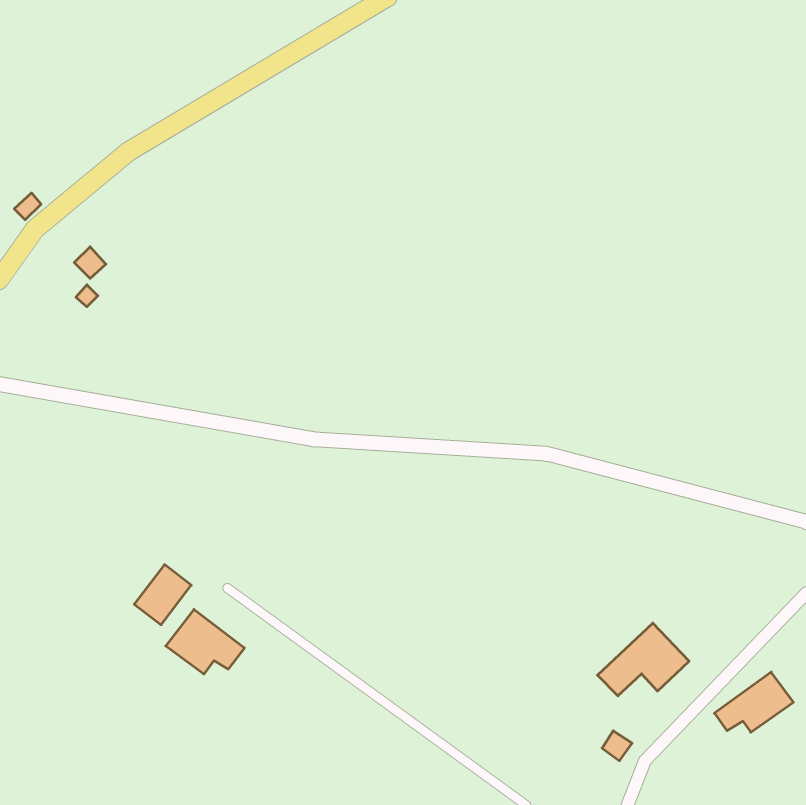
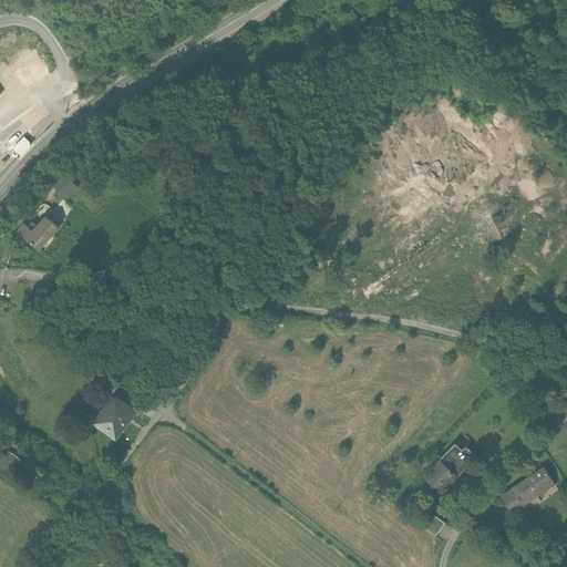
building: none -> [22,214,58,246]
building: [166,609,244,674] -> none

